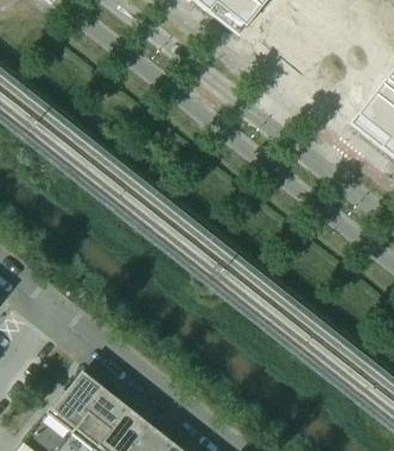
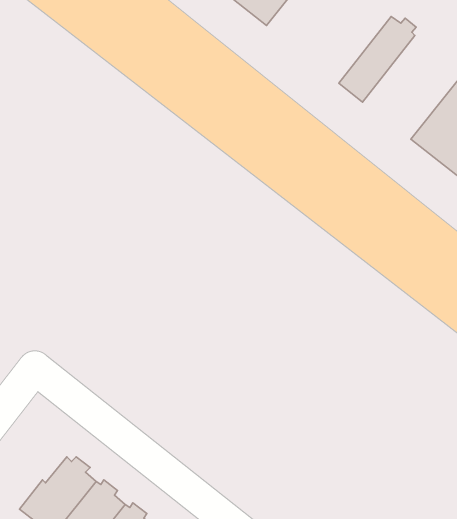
building: none -> [339,17,416,102]

